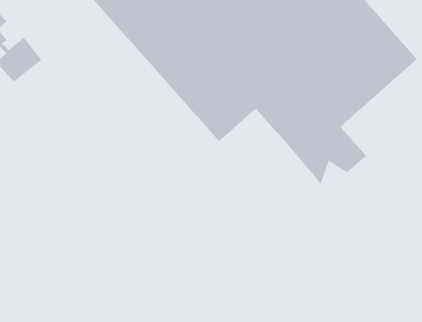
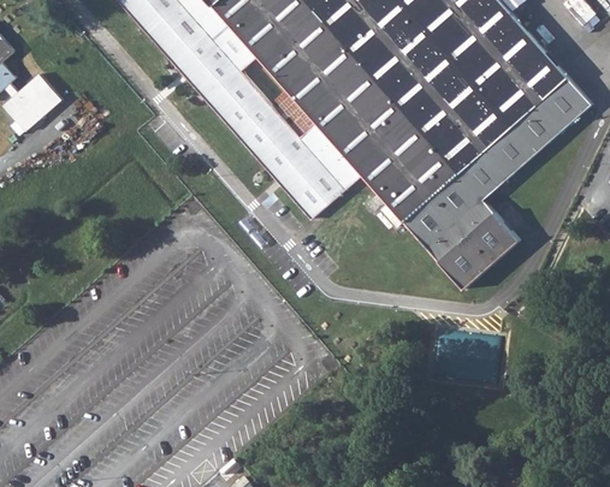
building: none -> [455,247,492,287]

